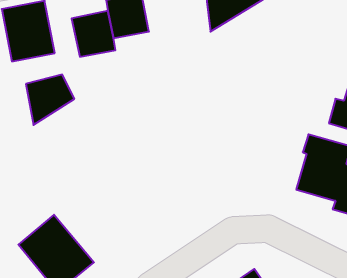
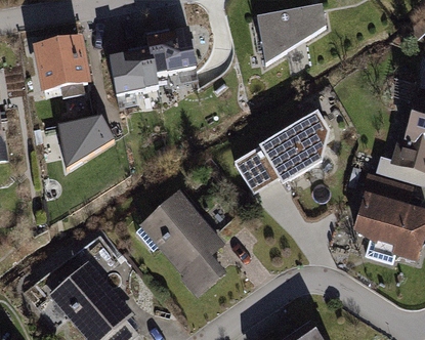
building: none -> [236,117,330,195]
building: none -> [141,195,226,297]

